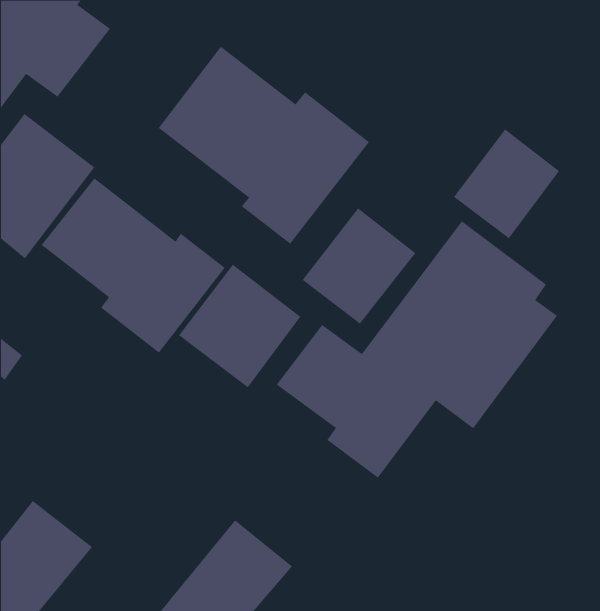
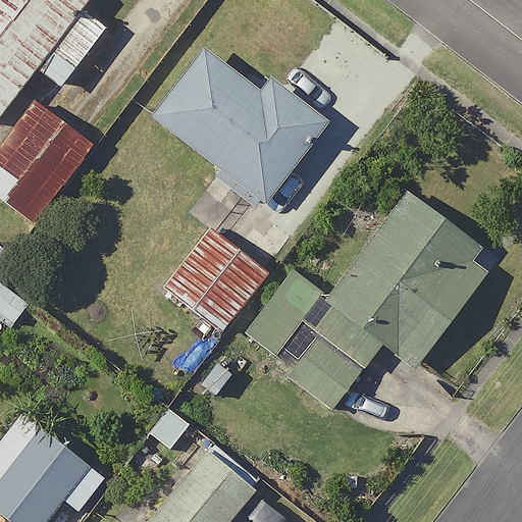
building: [453,129,560,239] -> none
building: [41,177,226,353] -> none
building: [302,208,416,324] -> none

